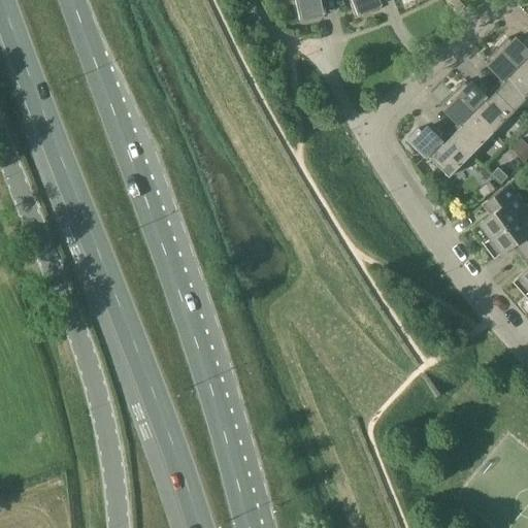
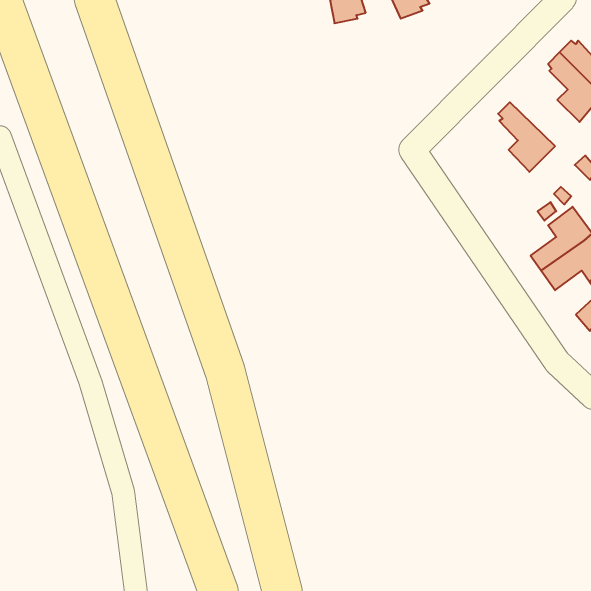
building: [455,80,517,130] -> none
building: [408,126,472,175] -> none

